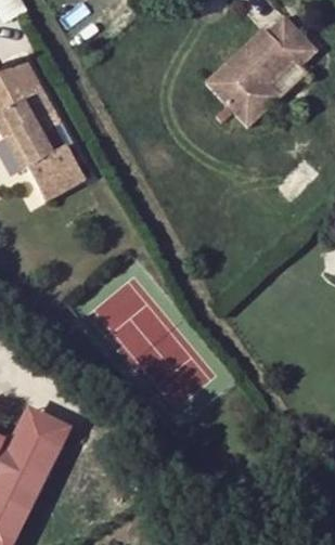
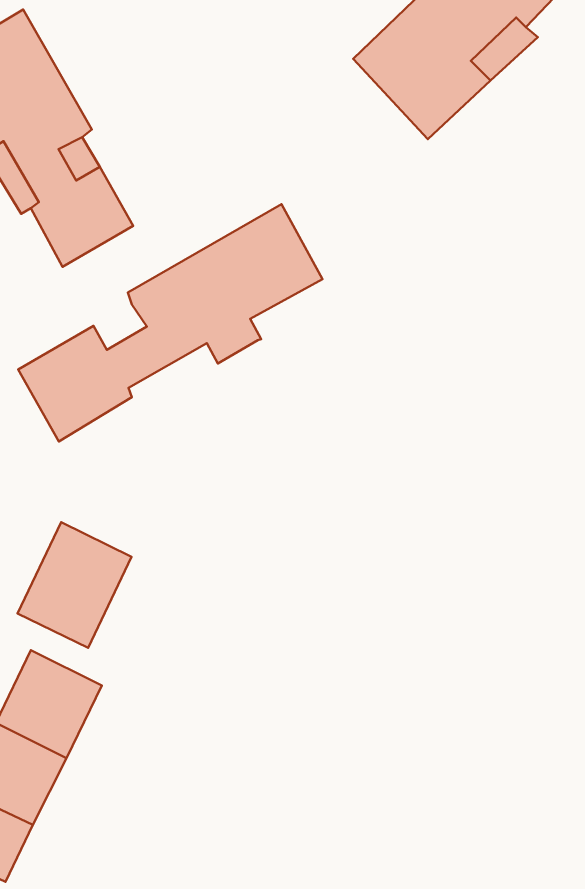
building: none -> [18,204,322,442]
building: none -> [18,522,132,648]

